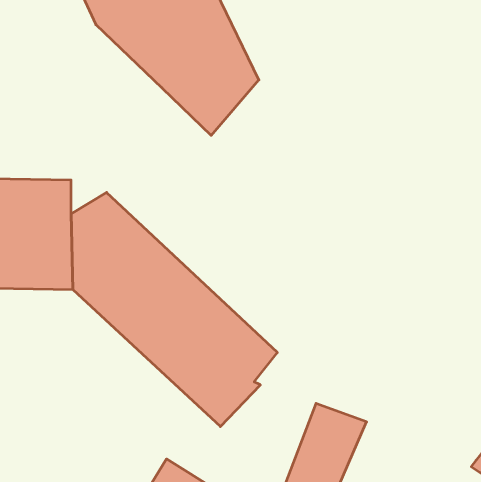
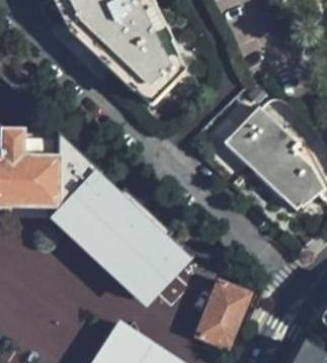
building: none -> [223,106,318,210]

